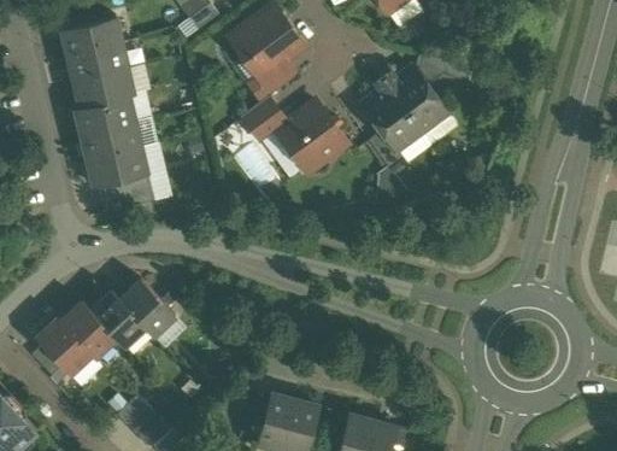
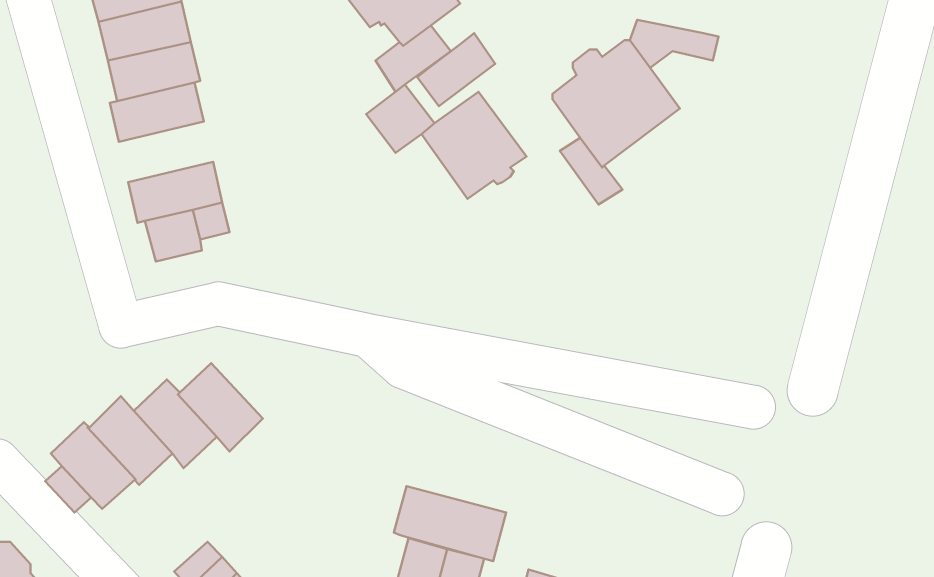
building: none -> [417,33,495,106]
building: [82,121,143,160] -> none
building: none -> [394,486,506,561]

